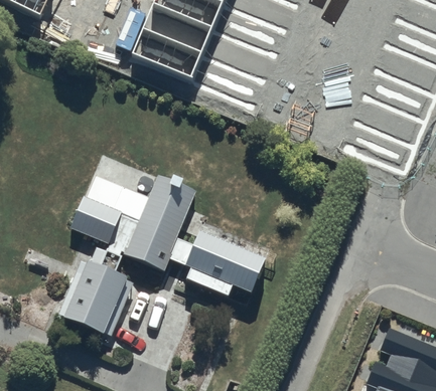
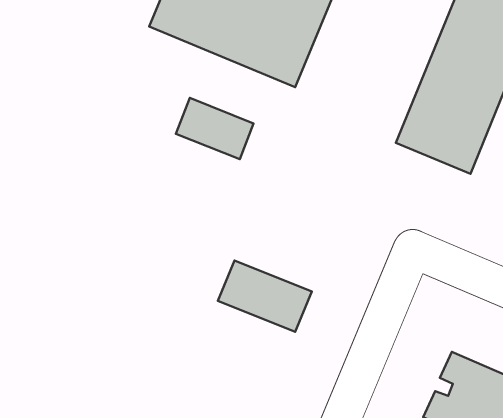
building: none -> [176,98,254,159]
building: [67,176,198,341] -> none

